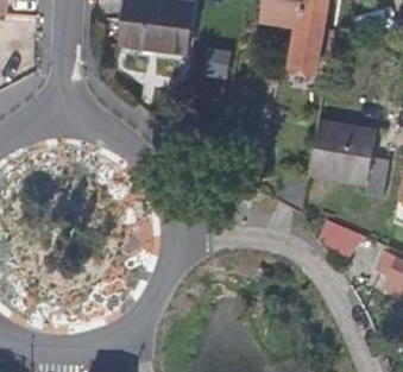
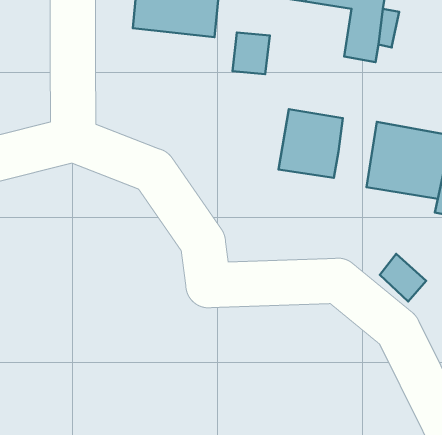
building: none -> [278,109,343,178]

